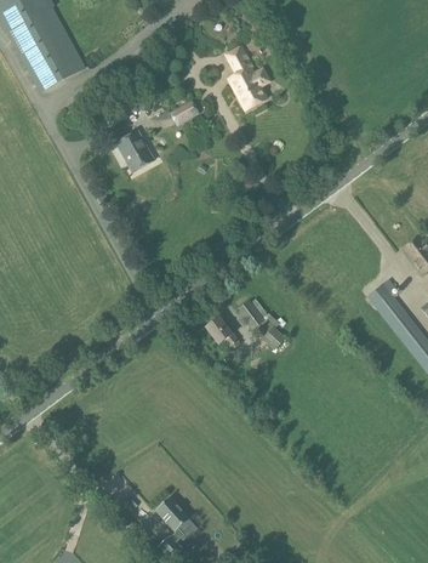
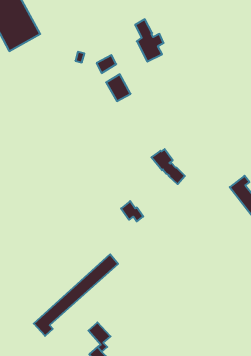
building: [116,130,153,170] -> [106,74,131,101]
building: [236,297,286,349] -> [151,149,185,184]
building: none -> [34,254,118,336]

